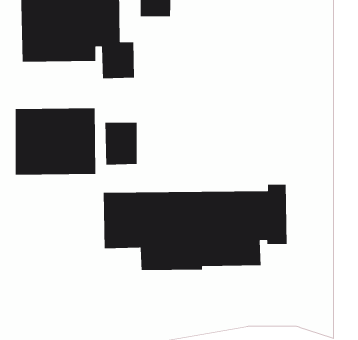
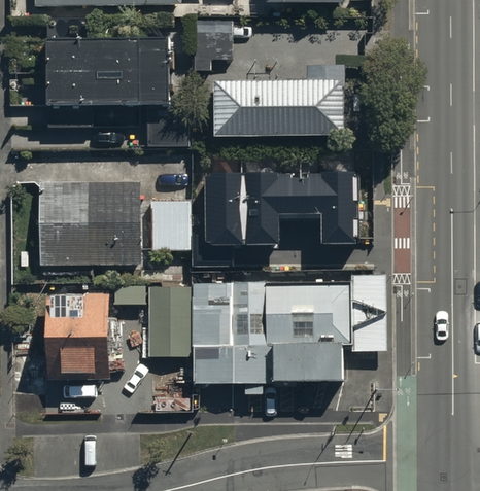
building: none -> [214,64,344,131]
building: none -> [193,174,355,267]
building: none -> [45,290,110,380]

